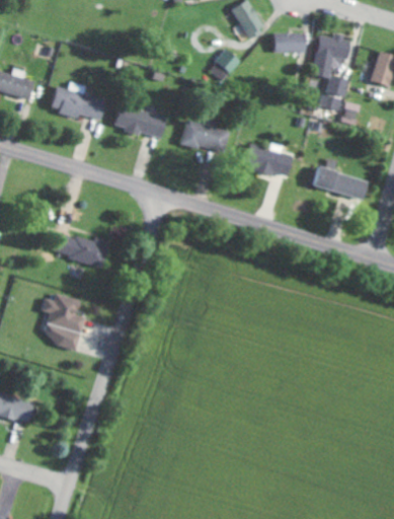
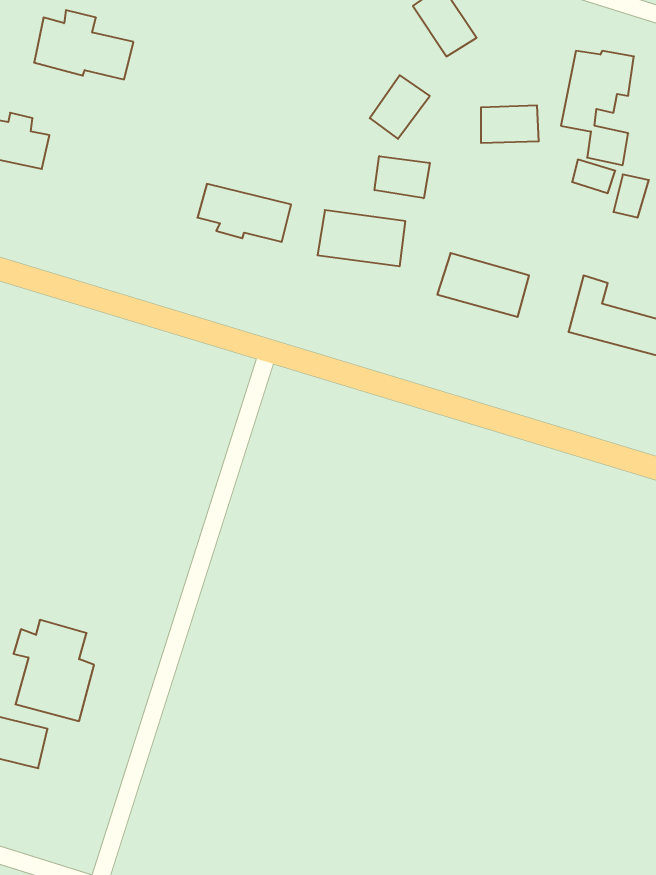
building: [274,32,306,53] -> [481,105,539,143]
building: [52,82,105,120] -> [34,10,133,79]
building: none -> [375,156,430,198]
building: [59,233,111,269] -> none
building: [41,293,84,348] -> [13,620,94,721]

